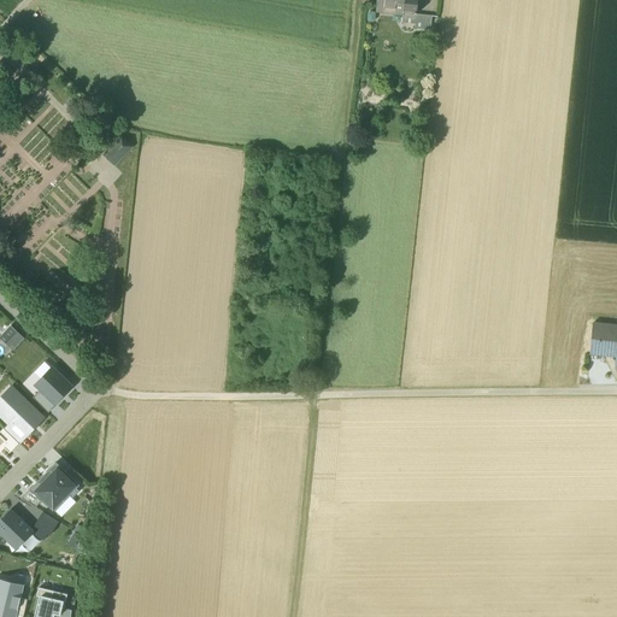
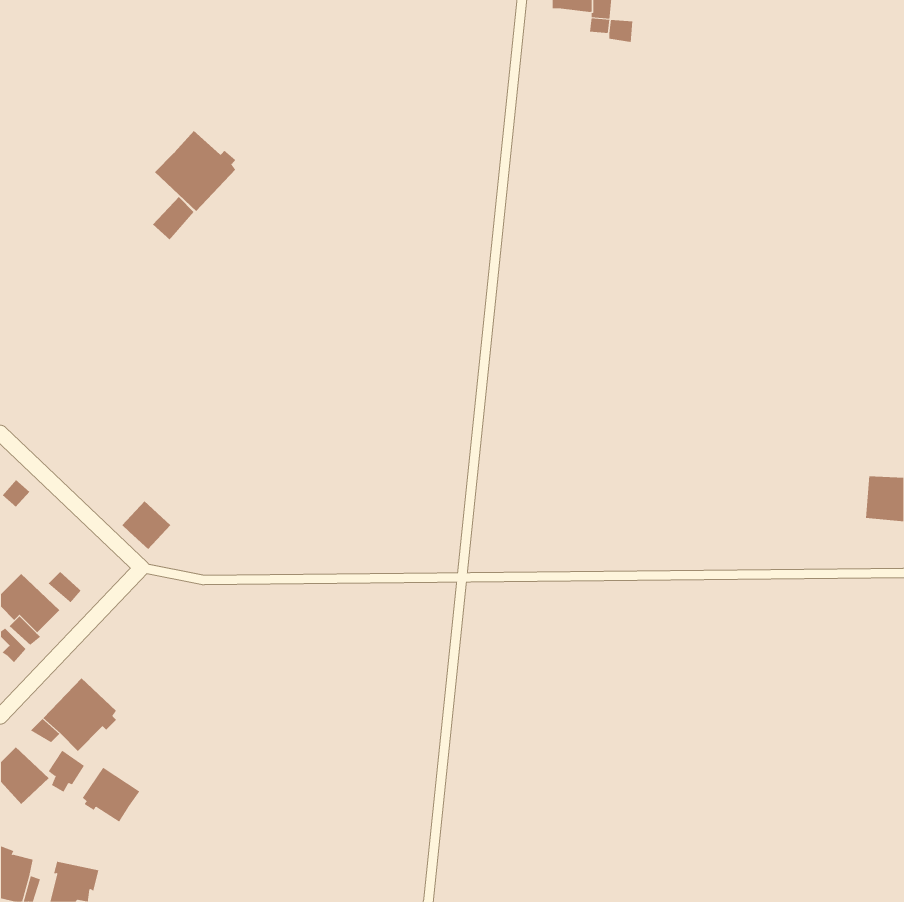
building: none -> [154,130,236,212]
building: [36,368,70,401] -> [122,500,171,550]
building: none -> [82,767,140,822]

